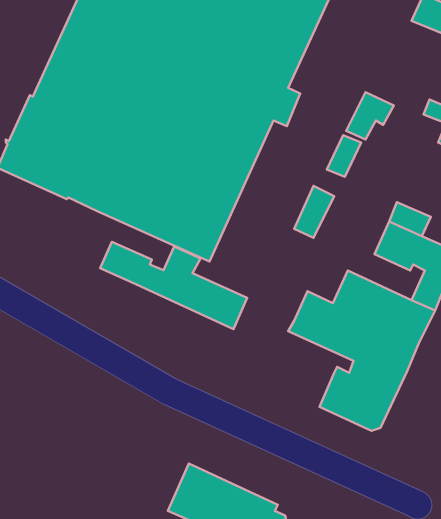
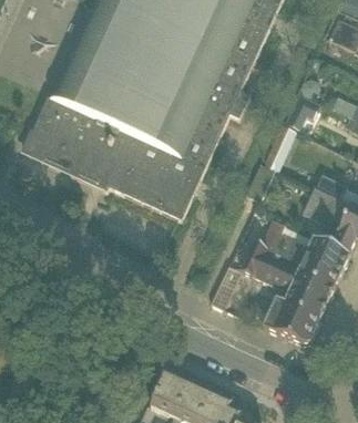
building: [100,242,247,329] -> none

